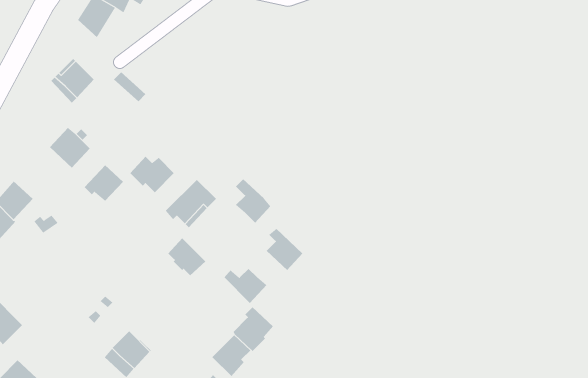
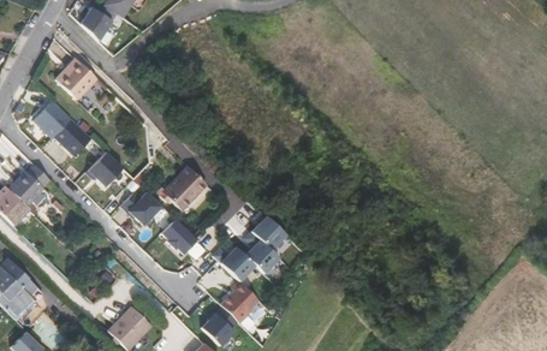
building: none -> [36,101,73,139]
building: [129,156,175,193] -> [123,191,163,225]
building: [235,178,271,224] -> [245,231,278,272]

